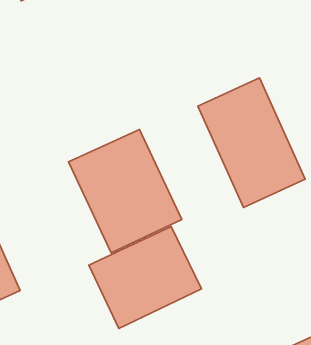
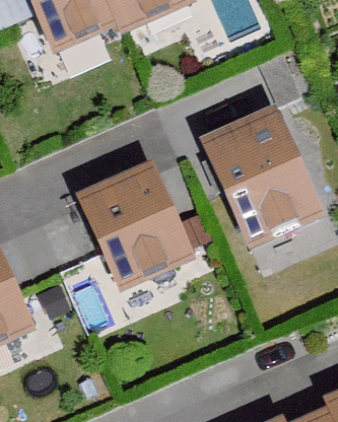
building: [89,226,201,328] -> none

